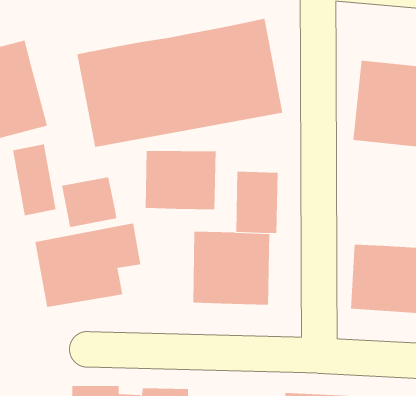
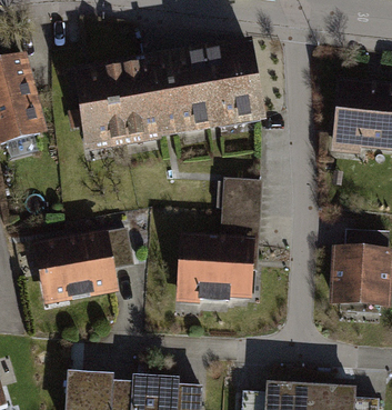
building: [12,144,56,216] -> none
building: [145,150,216,210] -> none
building: [62,176,117,228] -> none

